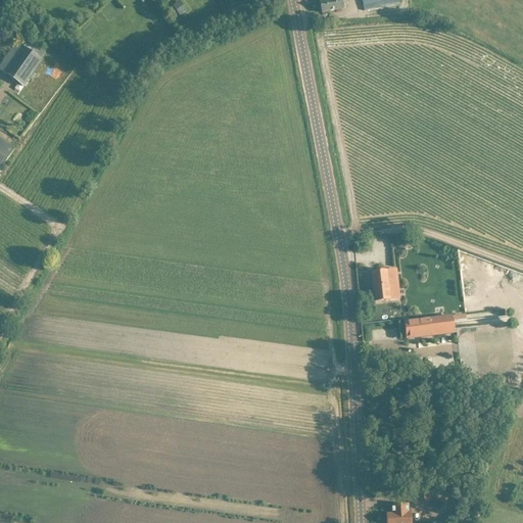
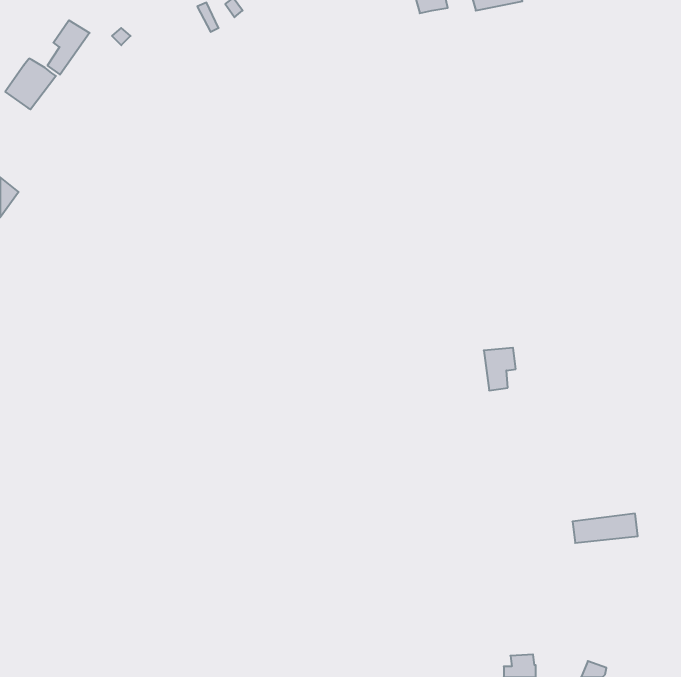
building: none -> [48,20,90,75]
building: [403,314,454,336] -> [572,514,638,543]

